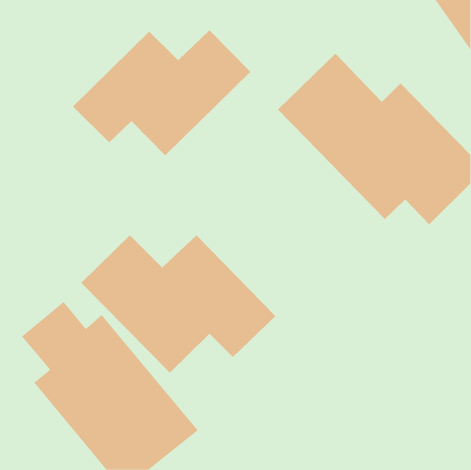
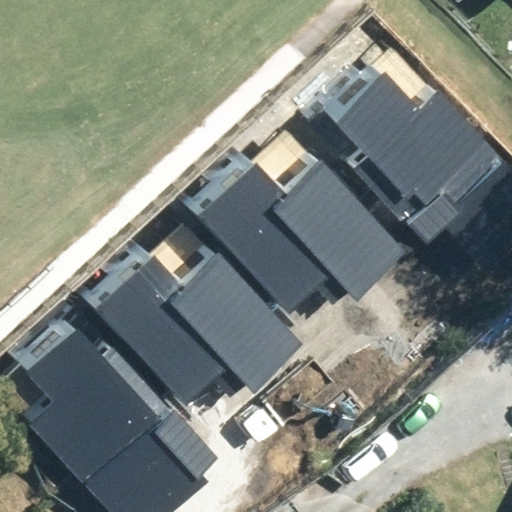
building: [72,29,251,156] -> none
building: none -> [199,160,408,310]

